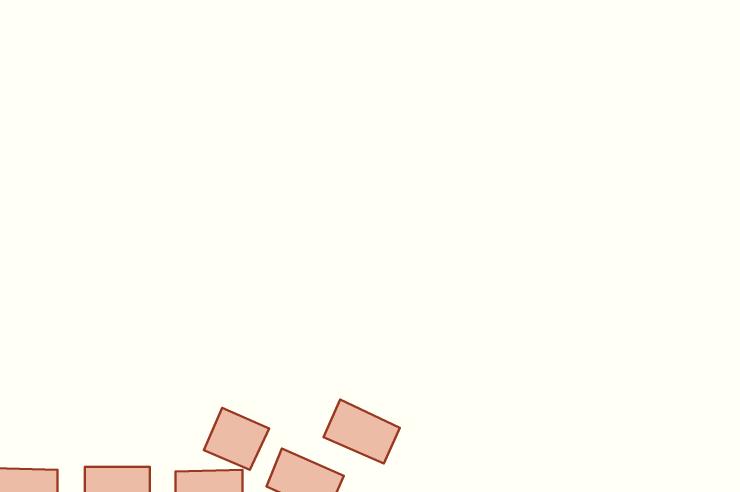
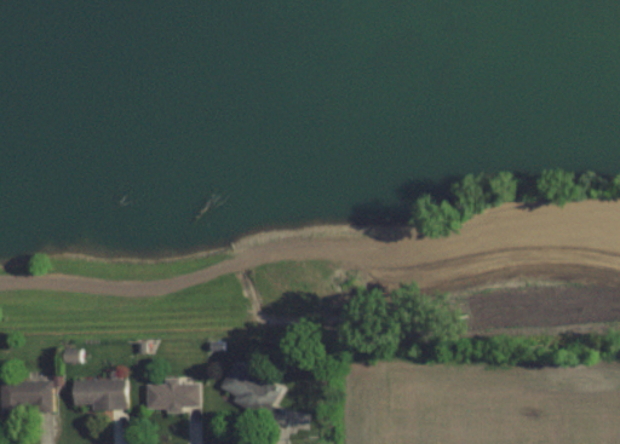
building: [324,400,400,464] -> none
building: [204,408,269,470] -> none

